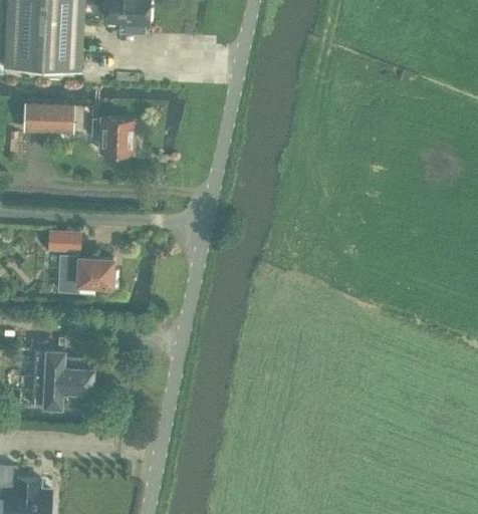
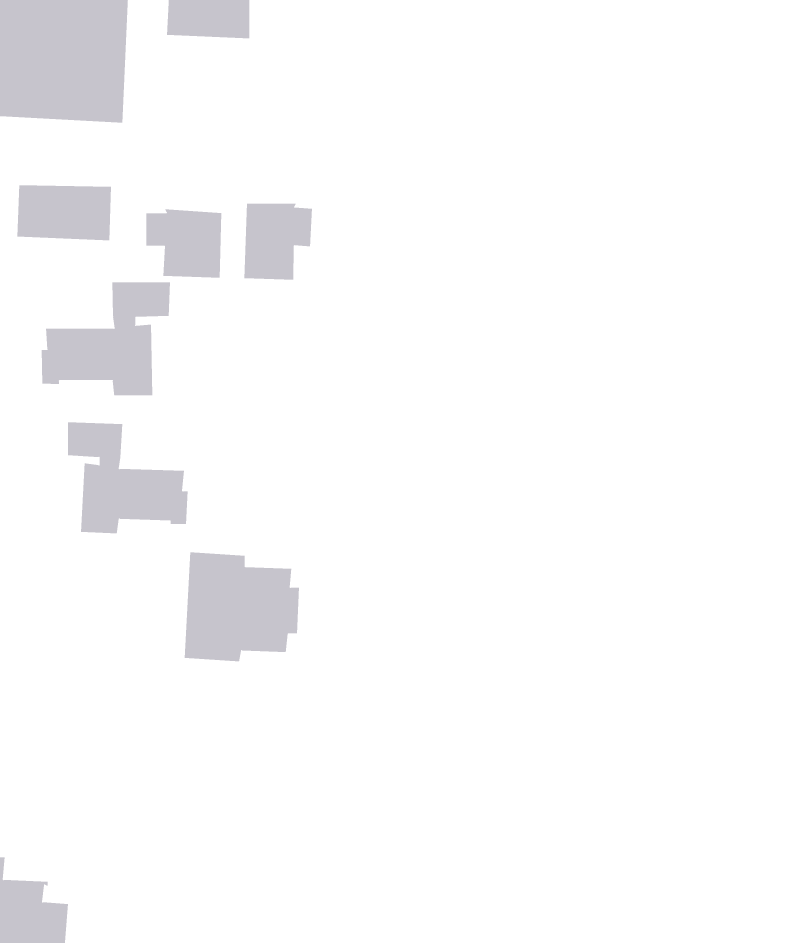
building: none -> [244,203,313,281]
building: none -> [41,282,170,396]
building: [30,348,92,408] -> [184,552,300,662]

